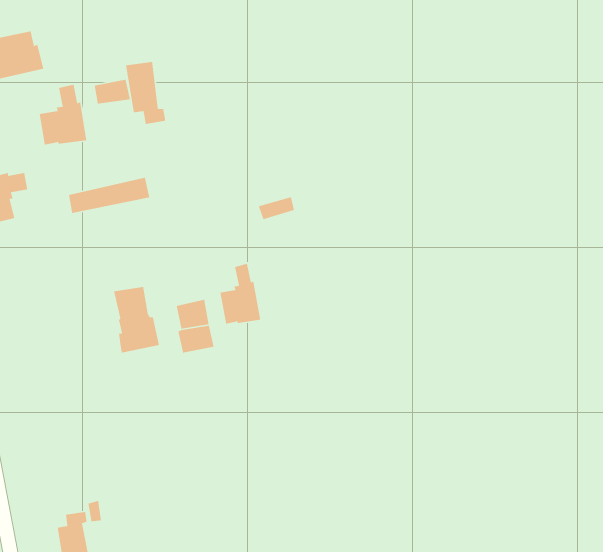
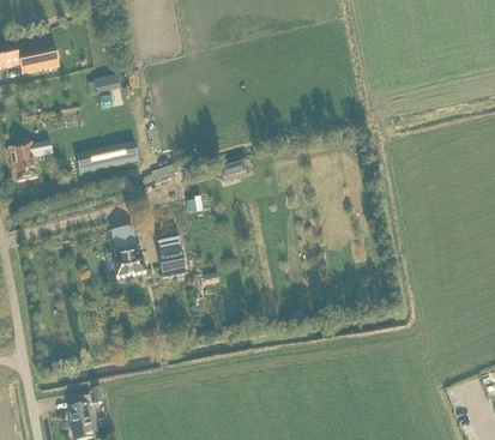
building: [125,61,166,125] -> none
building: [39,84,87,145] -> none
building: [220,263,261,324] -> none

